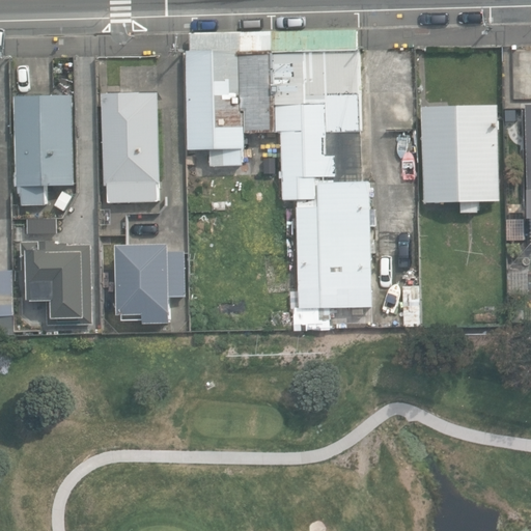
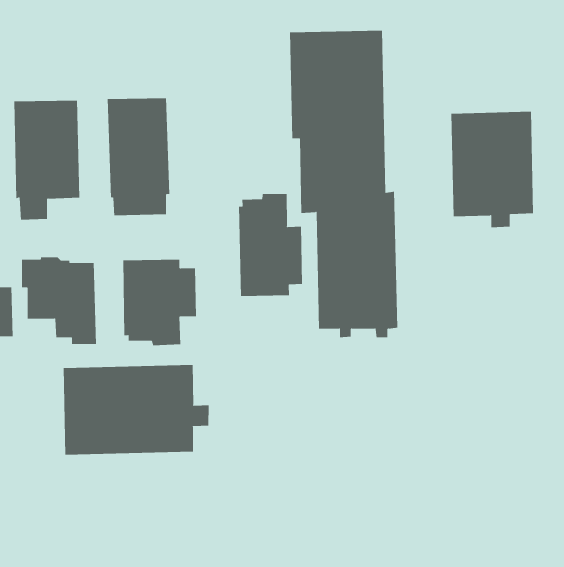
building: [185,31,272,166] -> none
building: none -> [238,193,303,297]
building: none -> [63,364,209,456]

